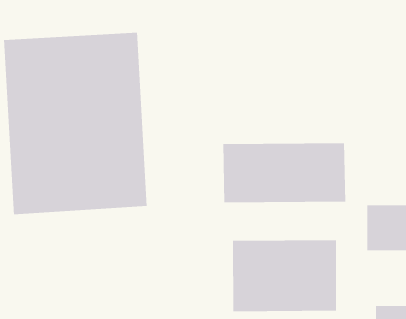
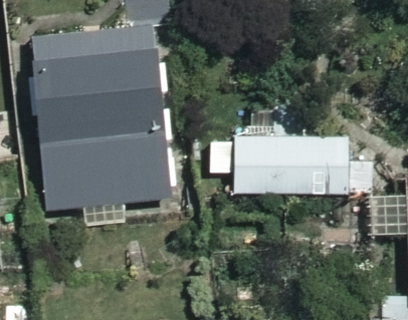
building: [232,239,337,312] -> none

